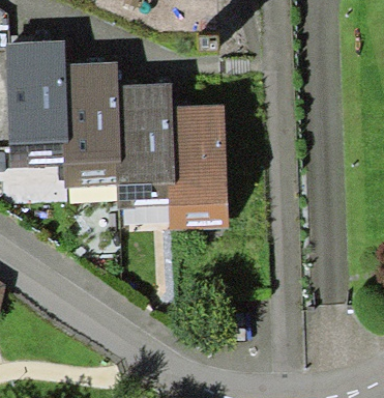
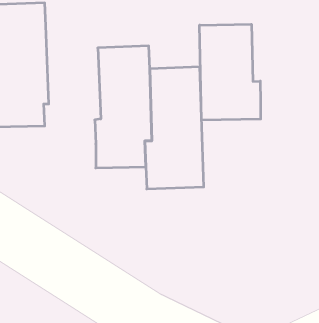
building: [62,60,121,187] -> none
building: none -> [200,24,261,120]

